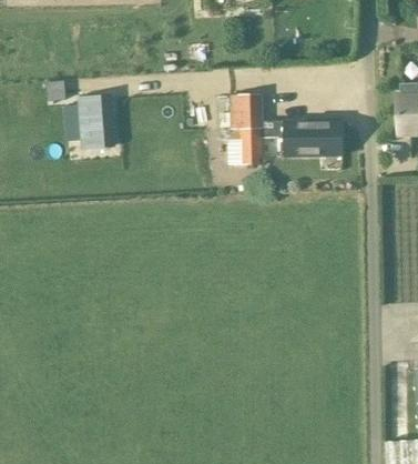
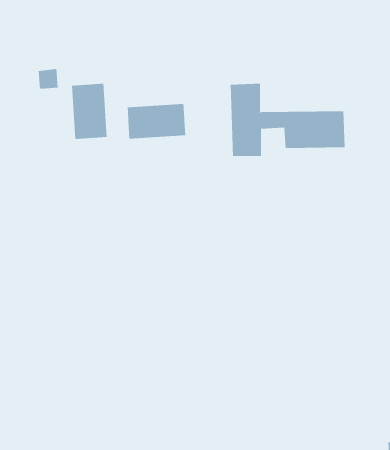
building: none -> [127,103,186,140]

